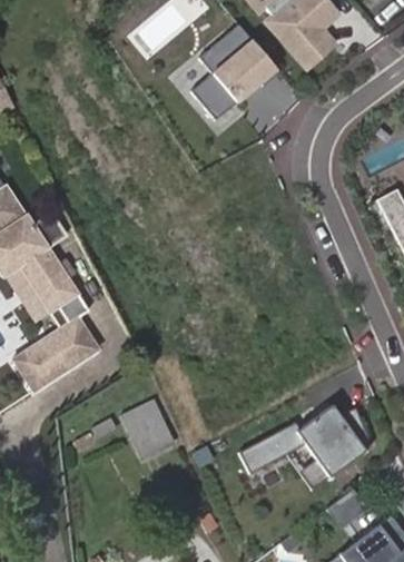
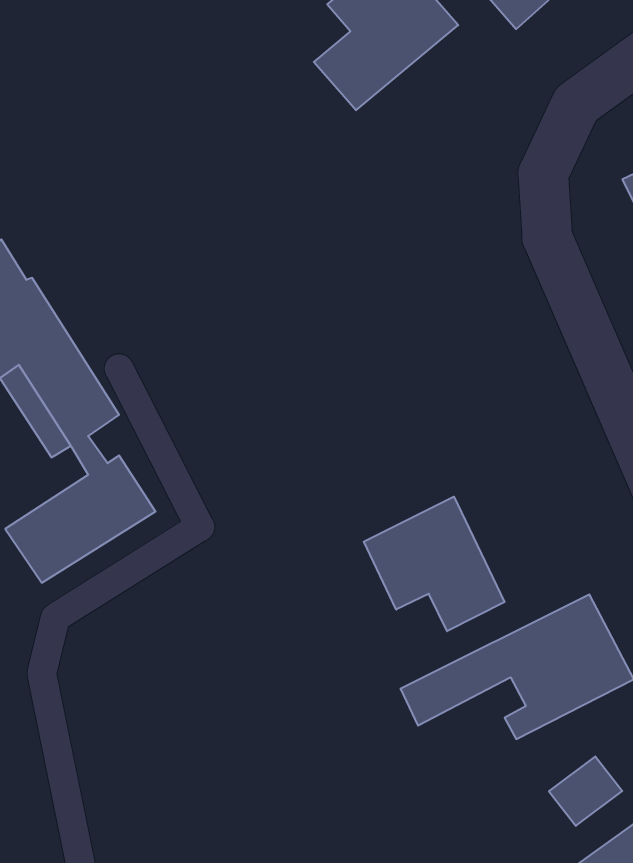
building: none -> [364,497,505,631]
building: [122,403,171,459] -> none

